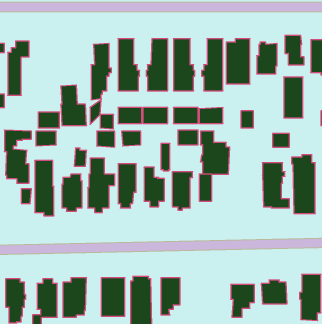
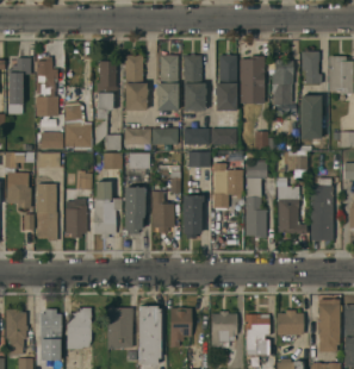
building: none -> [36,57,58,117]
building: none -> [244,160,267,238]
building: none -> [211,312,237,348]

